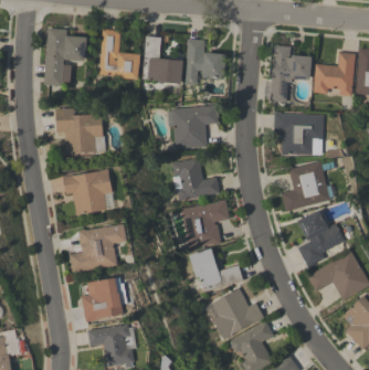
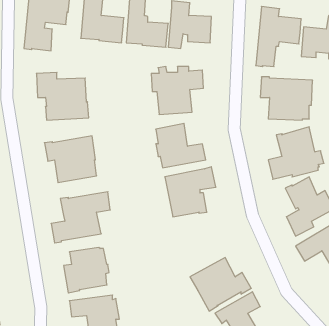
building: [189,247,243,292] -> none

